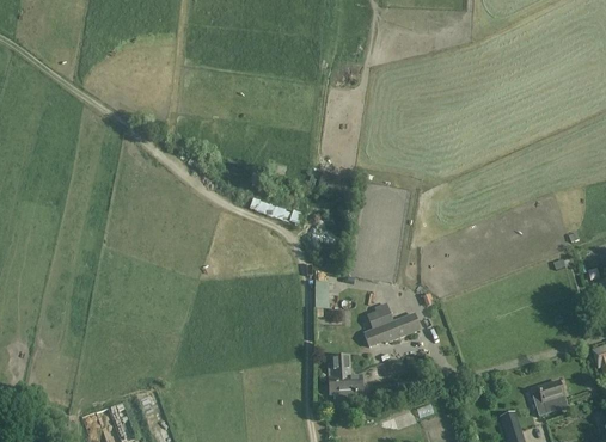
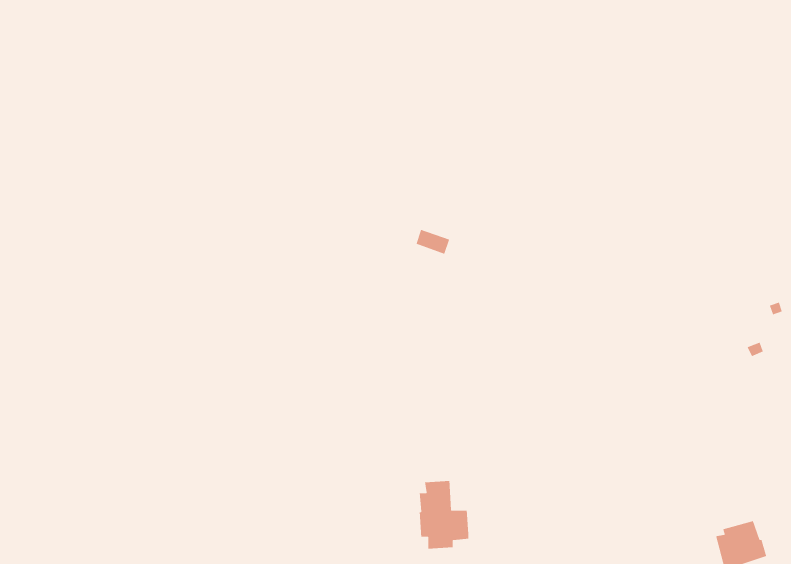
building: [365,302,422,348] -> none

